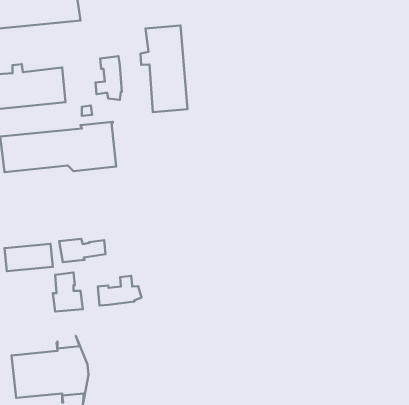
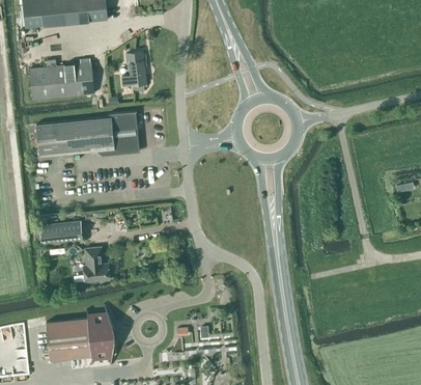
building: [141,25,188,112] -> none
building: [59,239,106,262] -> none
building: [98,276,142,306] -> none

